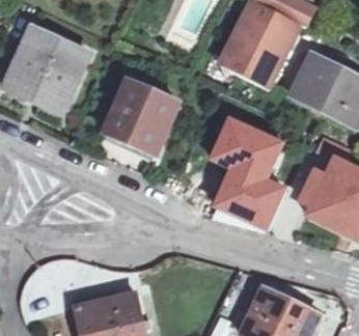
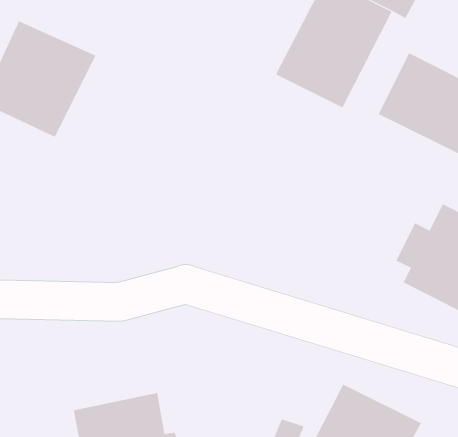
building: [109,82,178,155] -> none
building: [215,117,284,224] -> none

